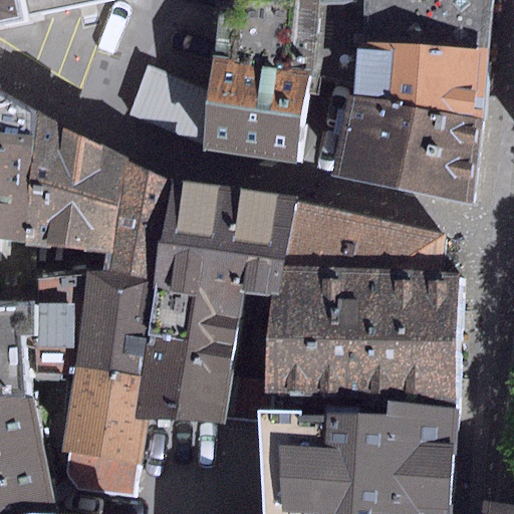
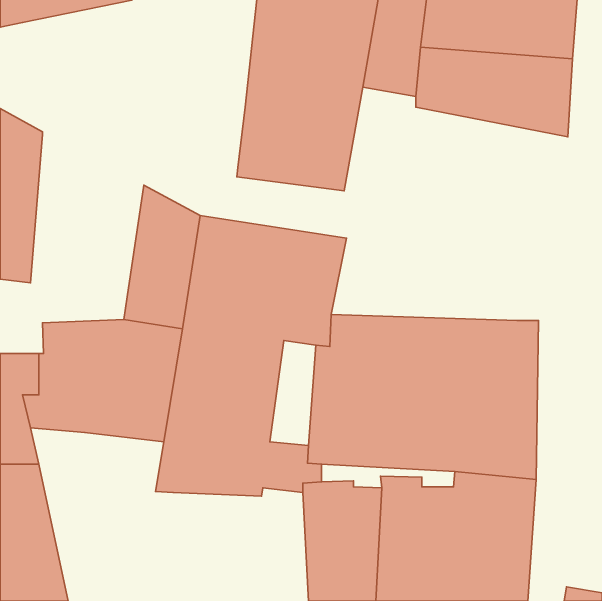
building: [131,64,209,143] -> none
building: [330,90,484,205] -> none
building: [26,114,122,253] -> none
building: [282,203,445,273] -> none
building: [59,368,148,496] -> none

